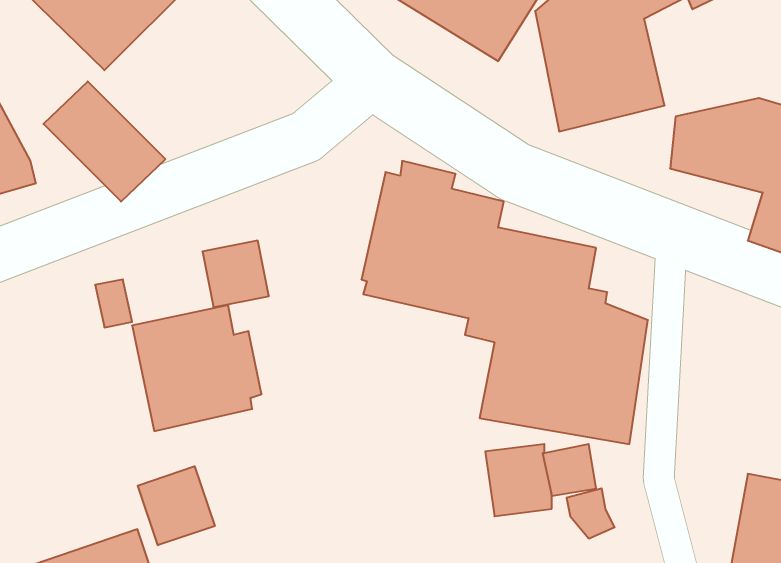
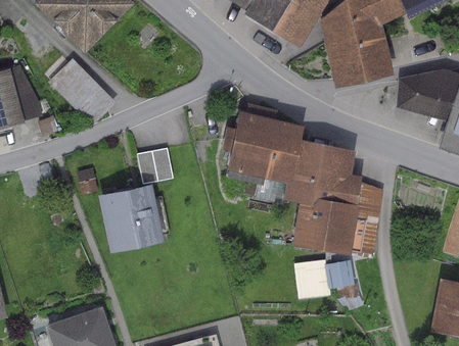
building: [138,466,215,545] -> none

